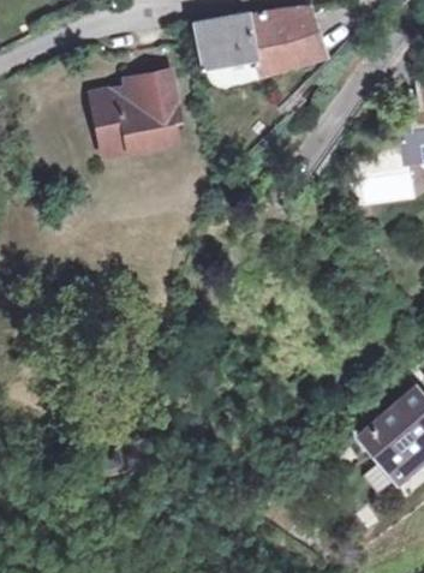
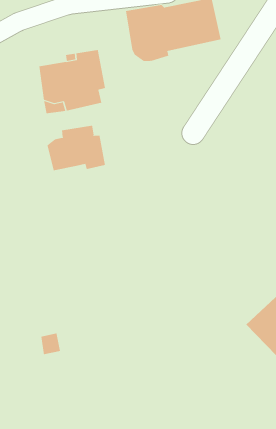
building: none -> [47,125,106,171]

